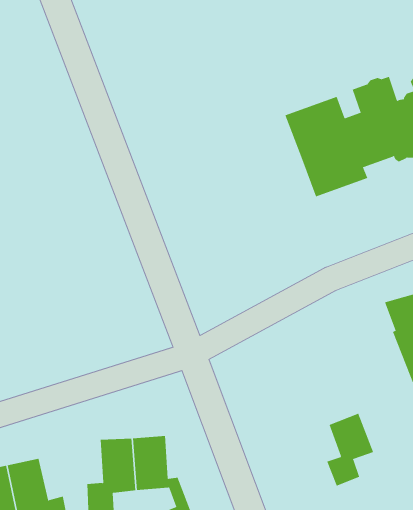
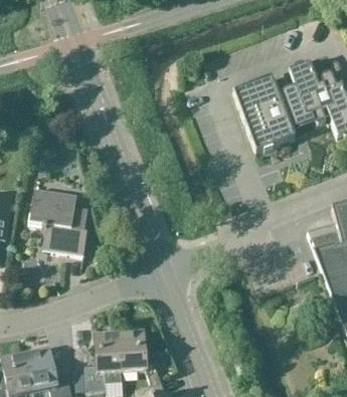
building: none -> [30,188,89,255]
building: [326,413,374,486] -> none

